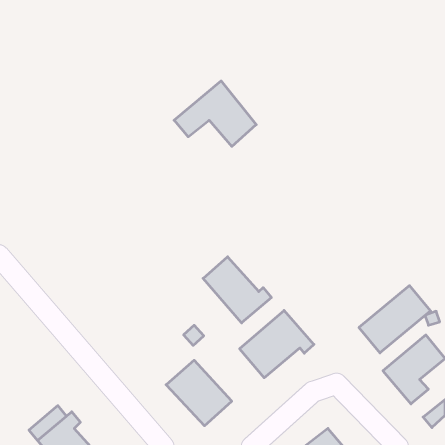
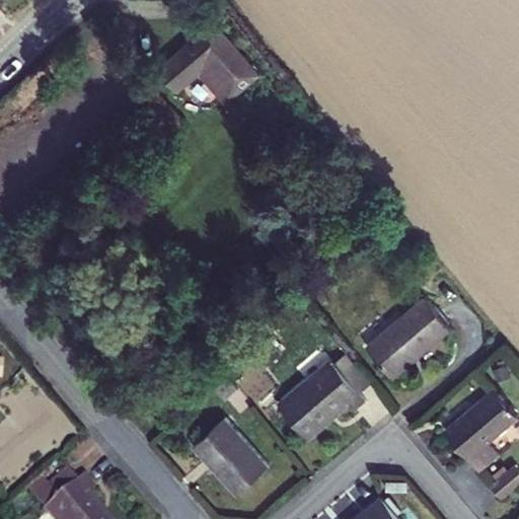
building: [174,81,256,146] -> [159,26,254,102]
building: [203,257,271,323] -> none
building: [359,286,431,353] -> [367,300,450,378]

